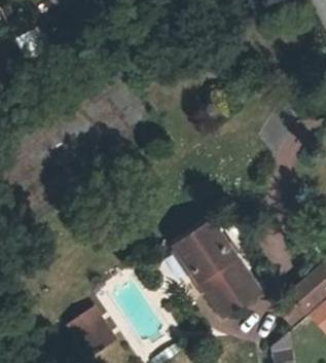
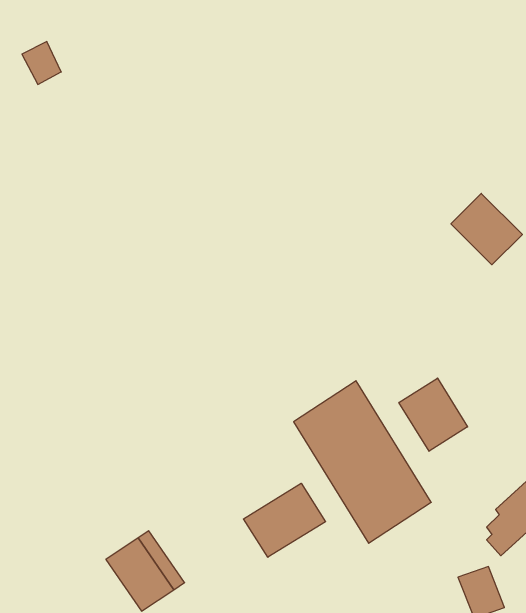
building: none -> [399,378,468,451]
building: none -> [243,483,326,557]

